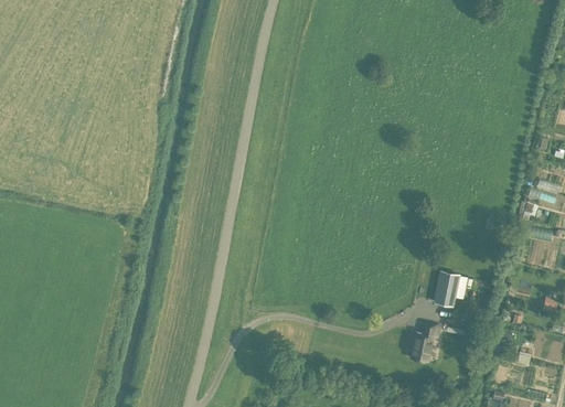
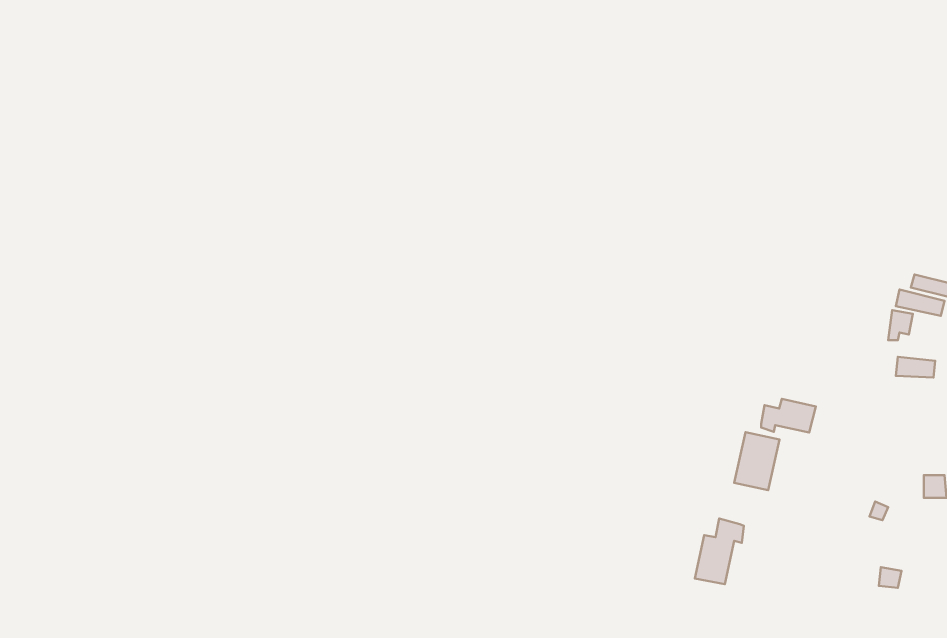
building: none -> [761,399,816,433]

